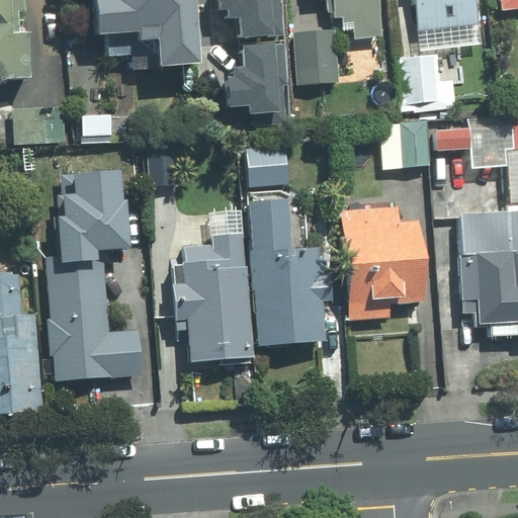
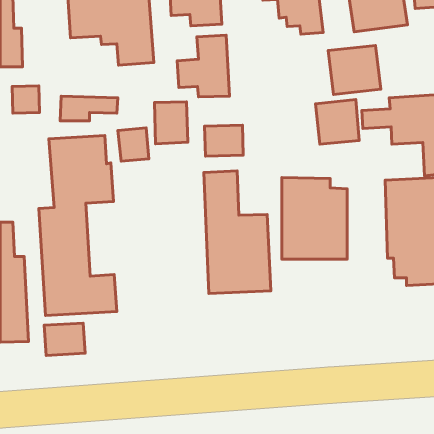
building: [298,30,334,84] -> none
building: none -> [155,102,188,144]
building: [173,240,246,363] -> none
building: none -> [44,323,85,355]

